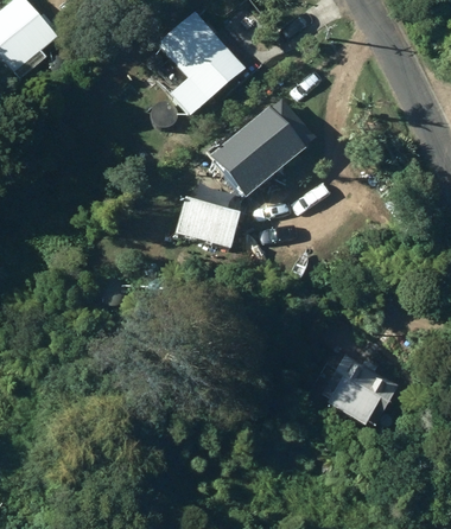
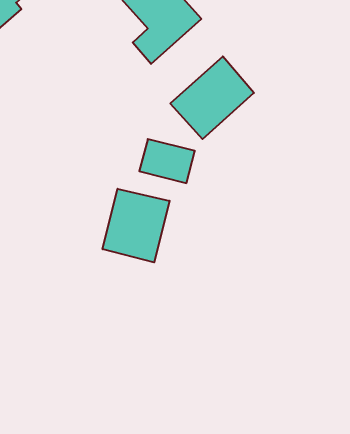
building: none -> [103,189,170,262]
building: [315,352,390,421] -> none

